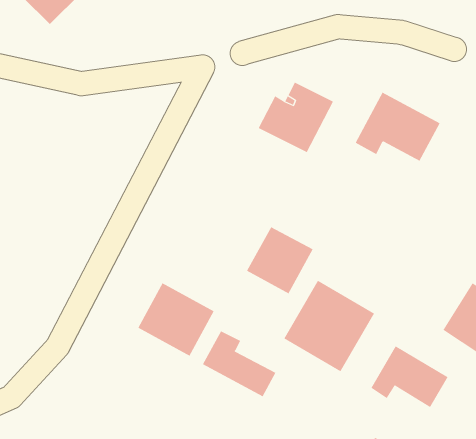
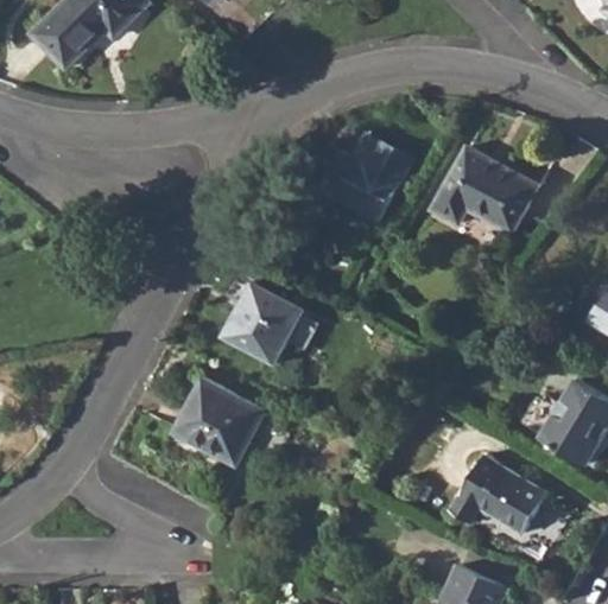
building: [246,226,313,294] -> [226,284,306,365]
building: [283,280,375,372] -> none
building: [202,330,276,397] -> none

